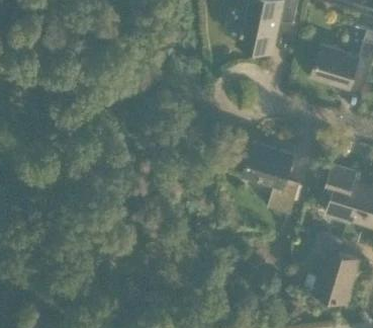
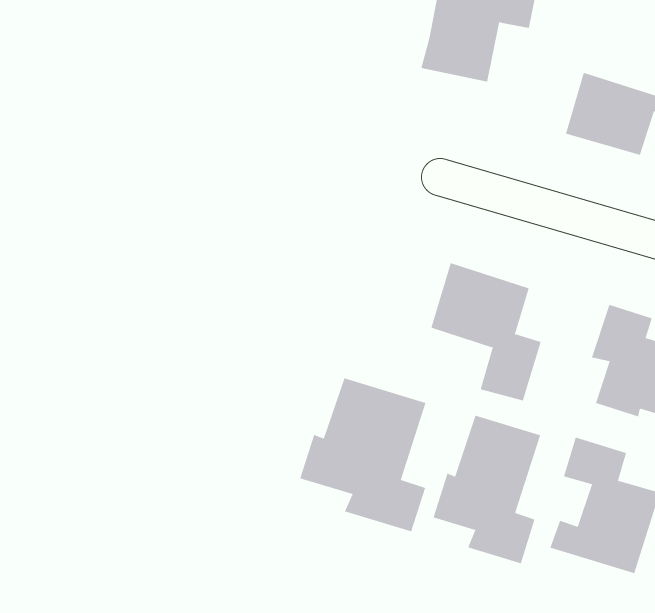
building: none -> [300,378,426,532]
building: none -> [433,415,541,564]

